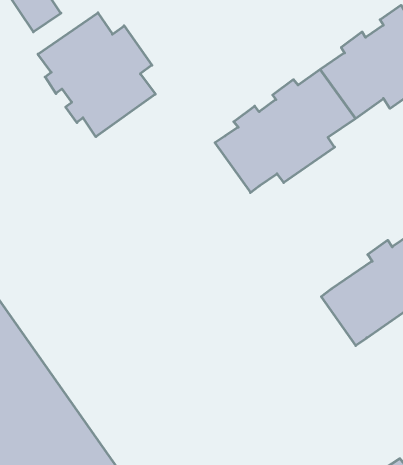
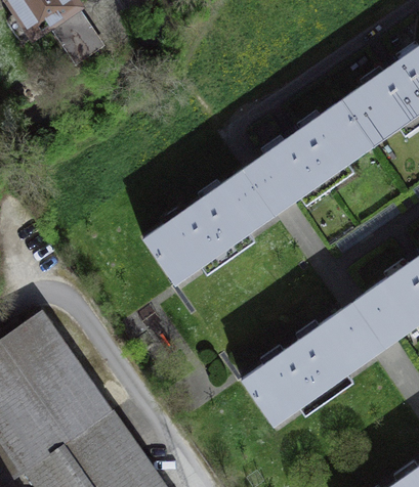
building: [38,13,155,137] -> none
building: none -> [142,168,276,283]
building: none -> [241,310,373,425]

